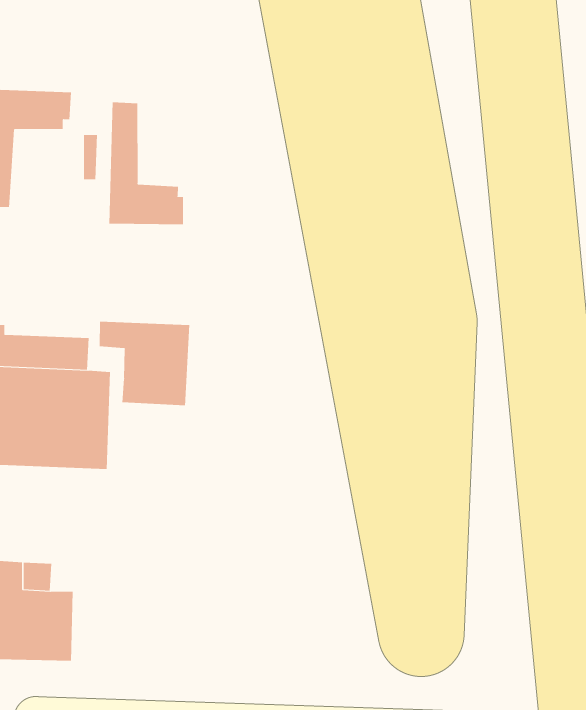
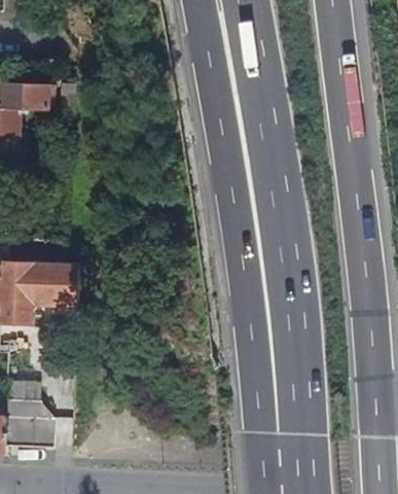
building: [109,101,184,225] -> none
building: [99,321,190,406] -> none

